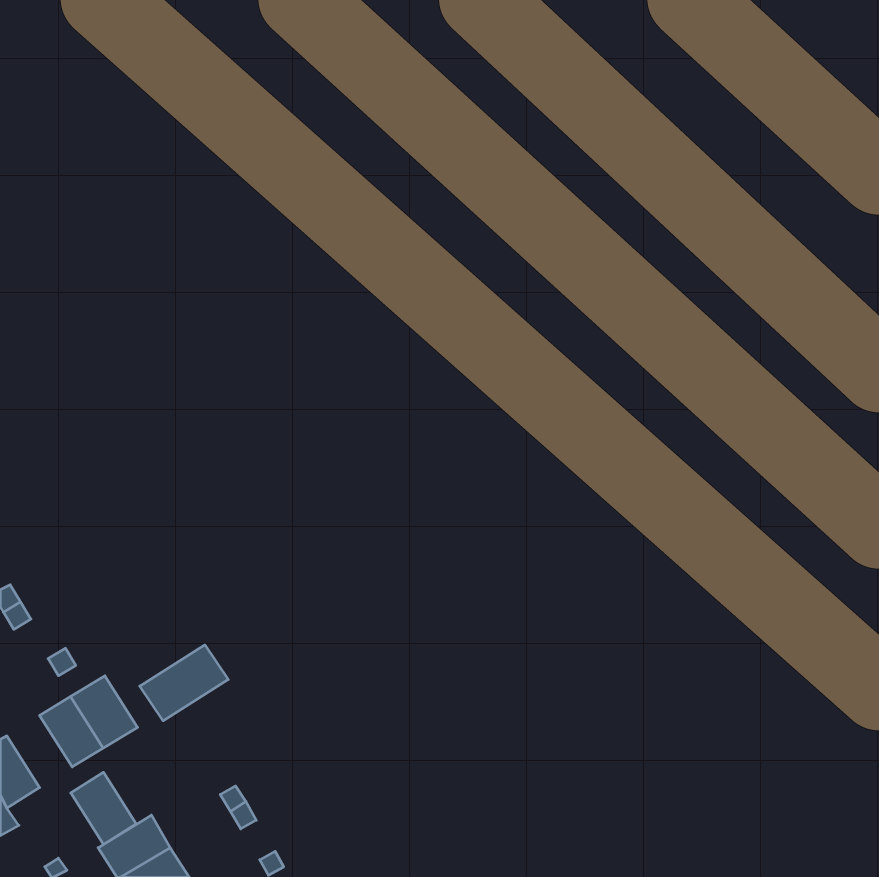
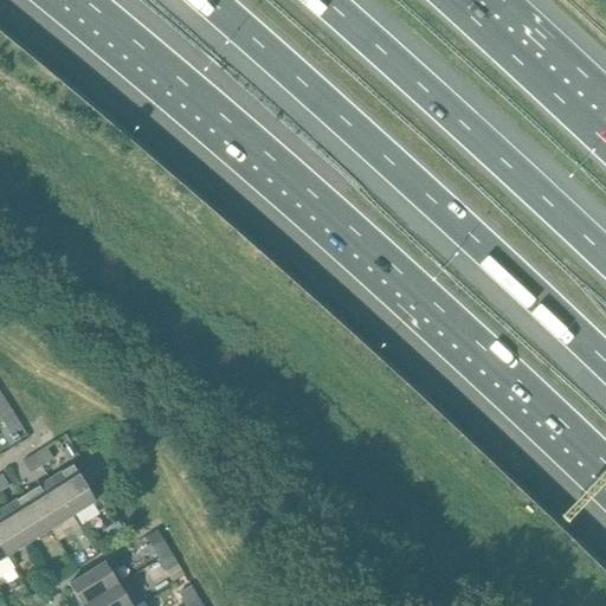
building: [140,645,228,721] -> none
building: [71,772,136,844] -> [5,492,50,542]

